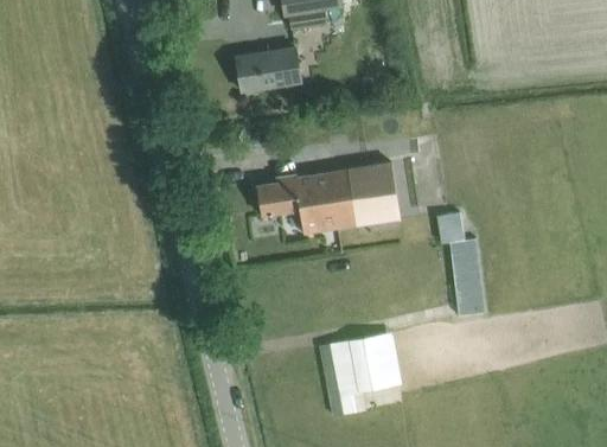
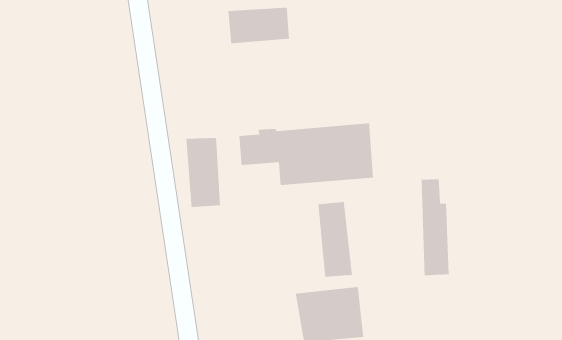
building: none -> [186,137,221,208]
building: none -> [317,201,353,277]

